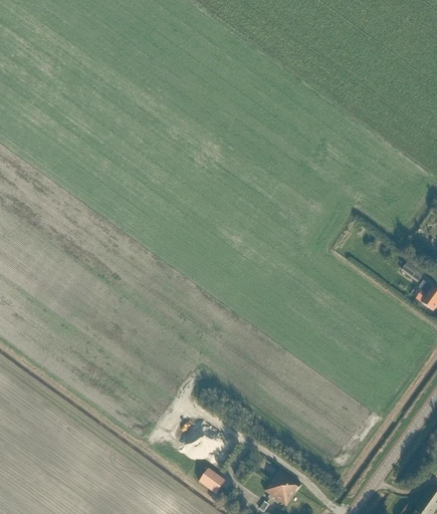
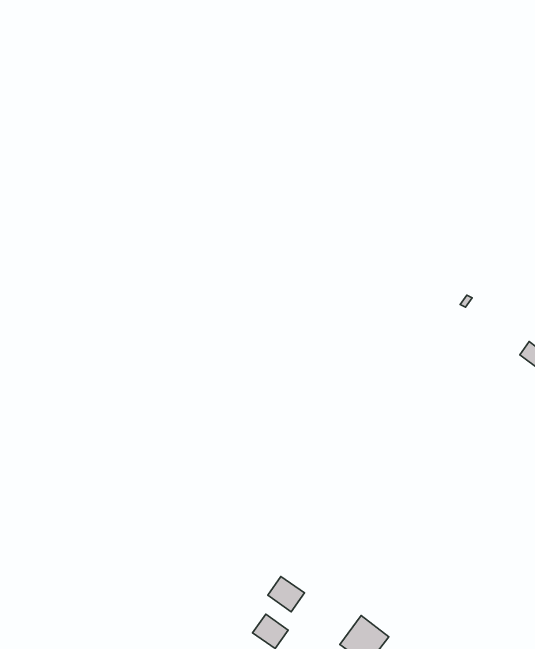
building: none -> [268,576,304,612]

